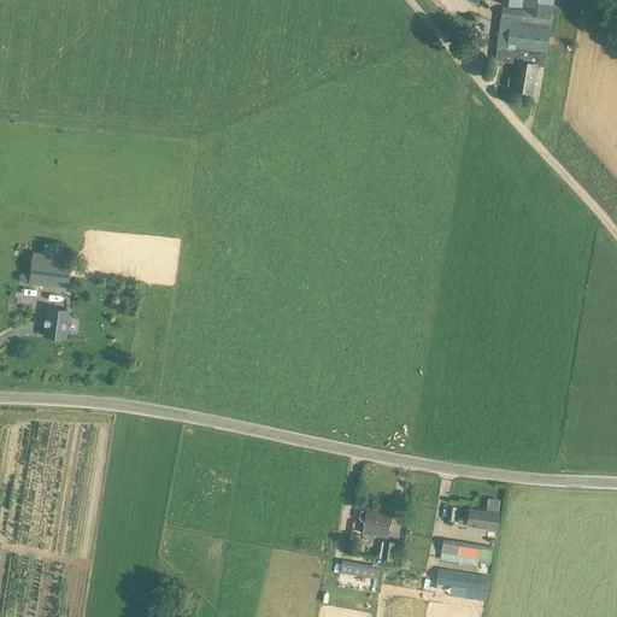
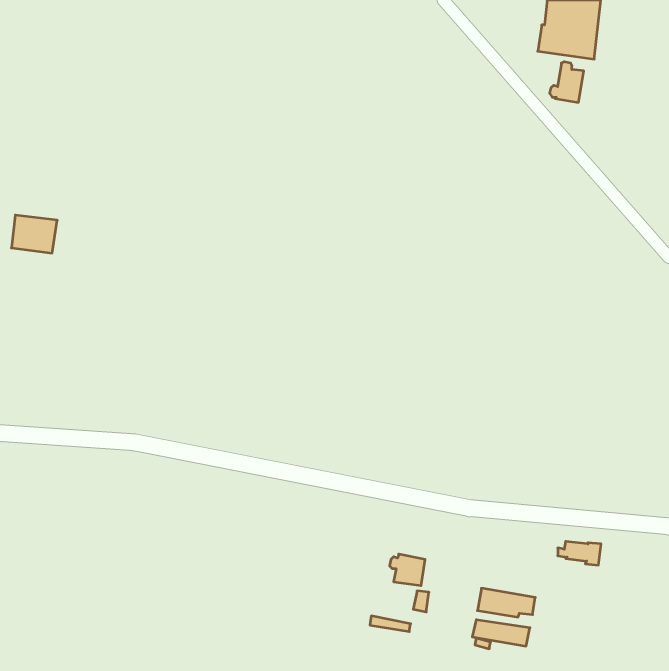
building: [29,253,71,288] -> [11,215,57,253]
building: [41,307,70,341] -> none
building: [458,510,498,531] -> [558,541,601,565]

